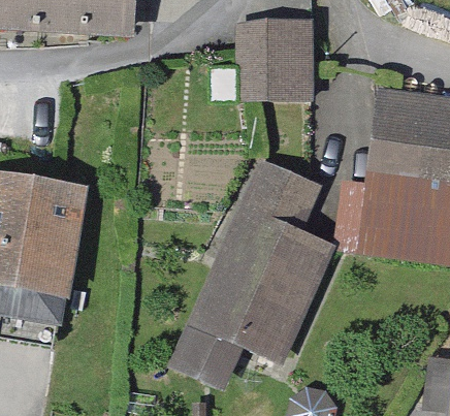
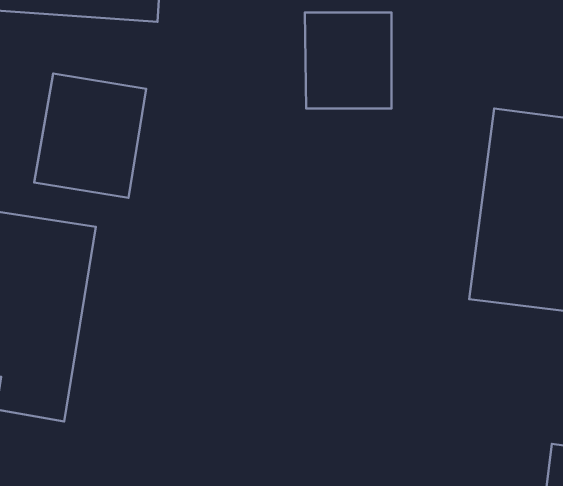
building: none -> [34,74,146,198]
building: [184,167,322,369] -> none

